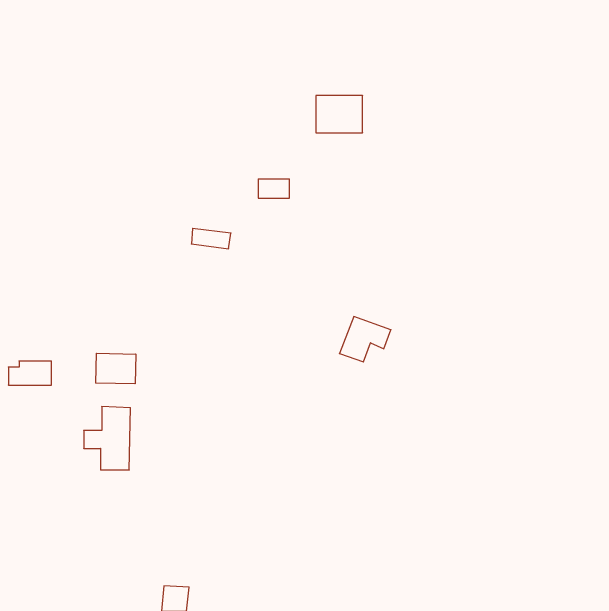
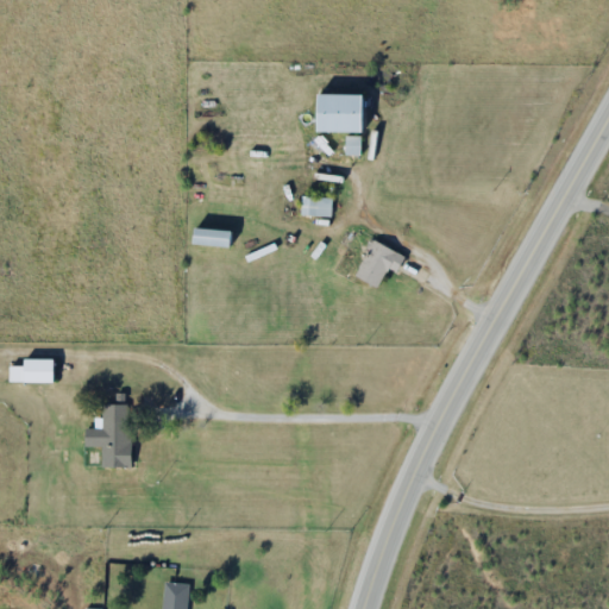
building: [258,179,289,198] -> [302,197,333,216]
building: [339,317,391,362] -> [356,241,407,287]
building: [96,353,136,384] -> none

